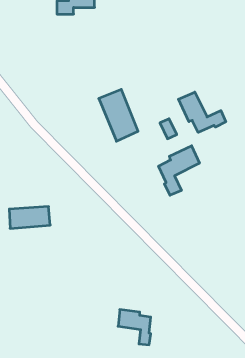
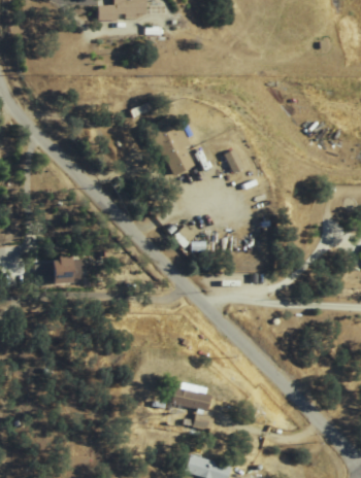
building: [178,92,226,132] -> none
building: [159,146,199,195] -> none

